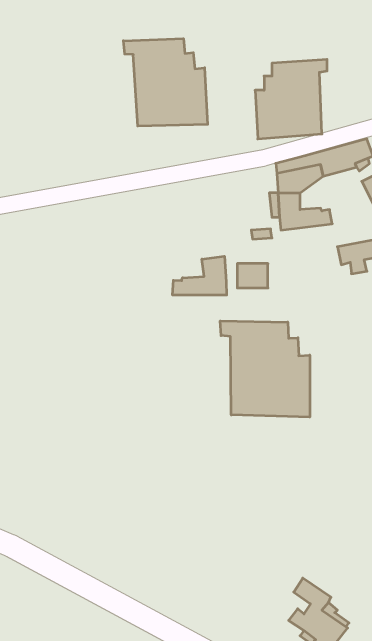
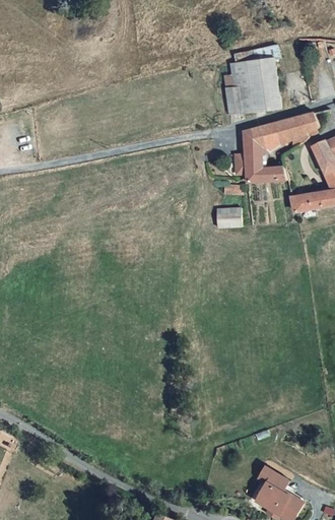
building: [123,39,208,126] -> none
building: [173,256,227,295] -> none
building: [220,321,310,417] -> none

